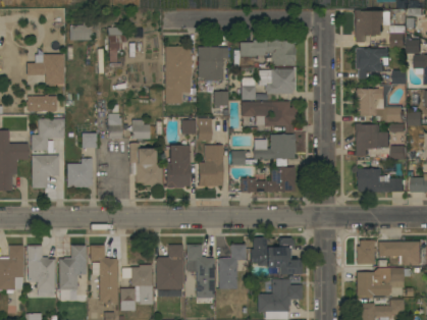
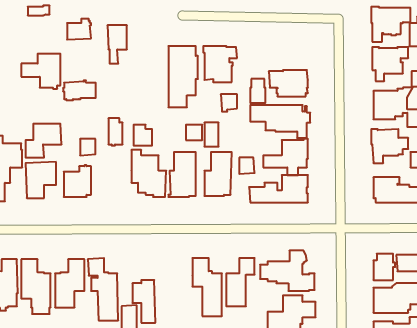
building: [241,40,297,66] -> none
building: [26,95,57,113] -> [63,80,96,100]
building: [154,245,183,297] -> none

